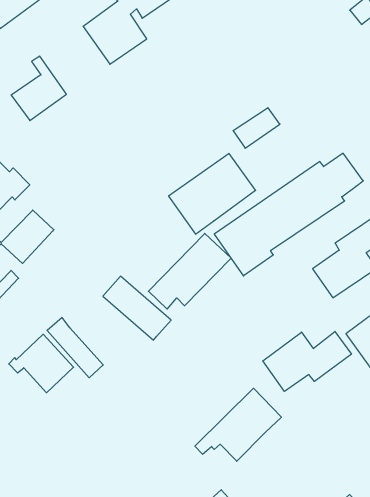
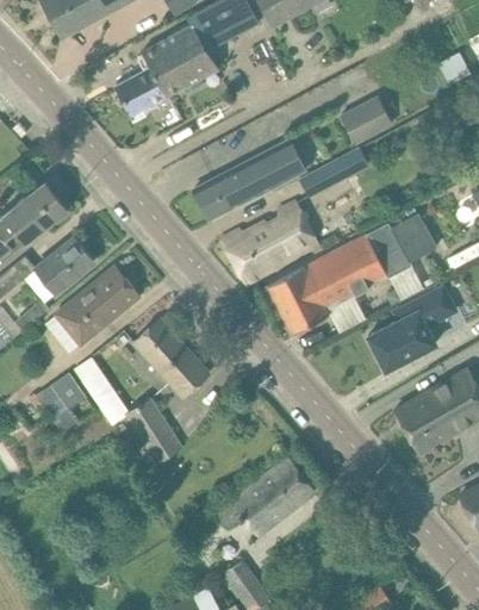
building: none -> [341,95,394,145]
building: [11,56,66,121] -> [116,48,175,116]
building: none -> [193,142,306,220]
building: [148,233,231,309] -> [46,267,139,343]
building: [263,331,351,391] -> none
building: none -> [131,402,180,460]

